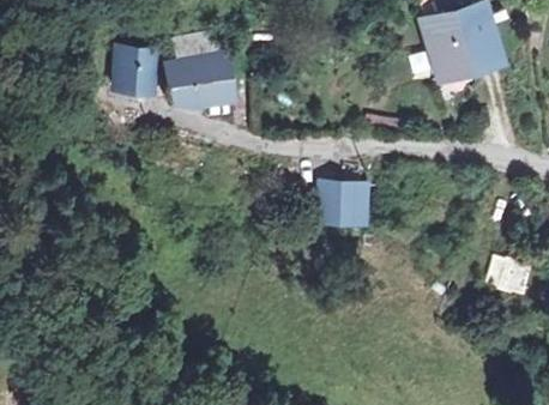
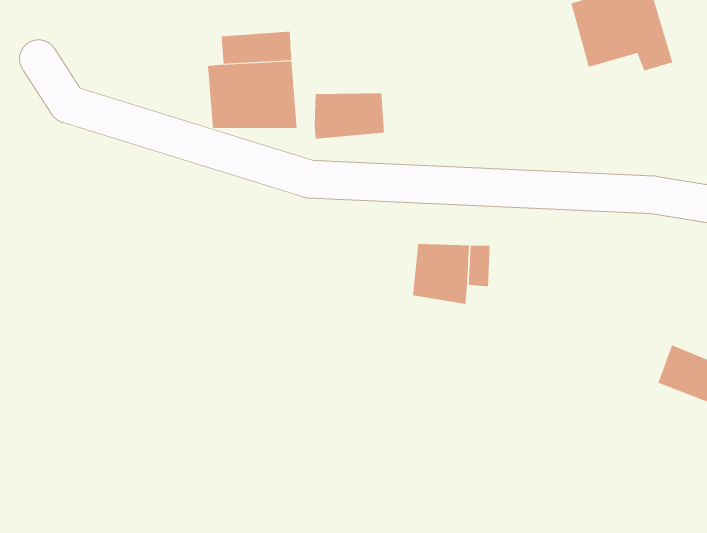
building: [121,52,162,91] -> none
building: none -> [314,93,384,139]

